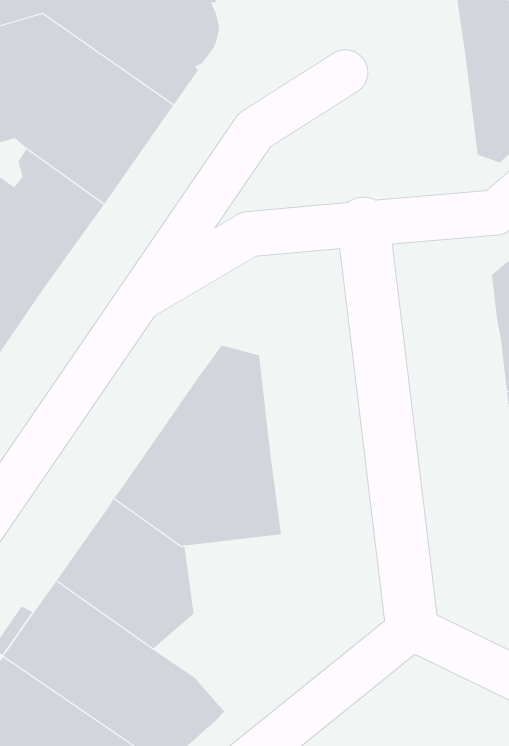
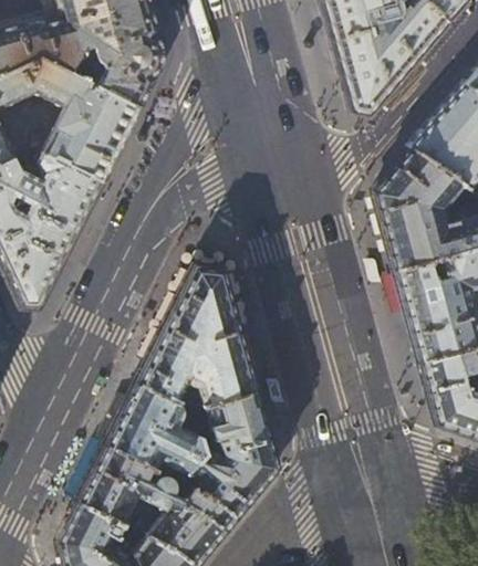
building: none -> [179,391,276,518]

